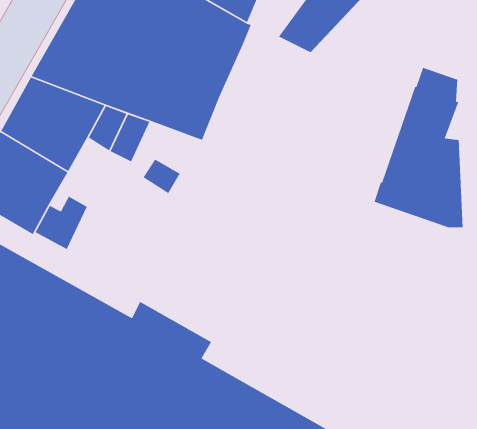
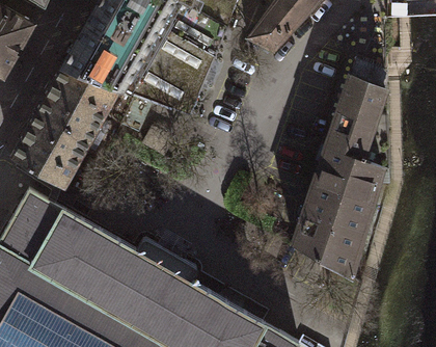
building: none -> [293,166,377,281]

